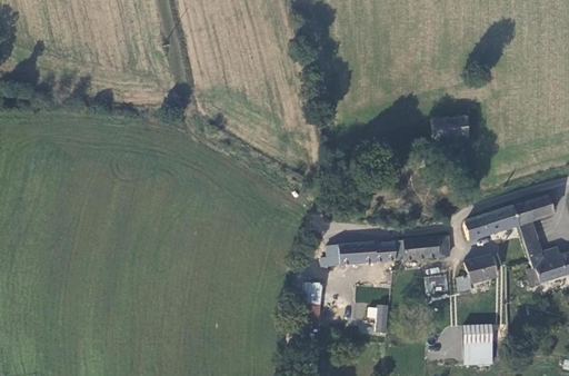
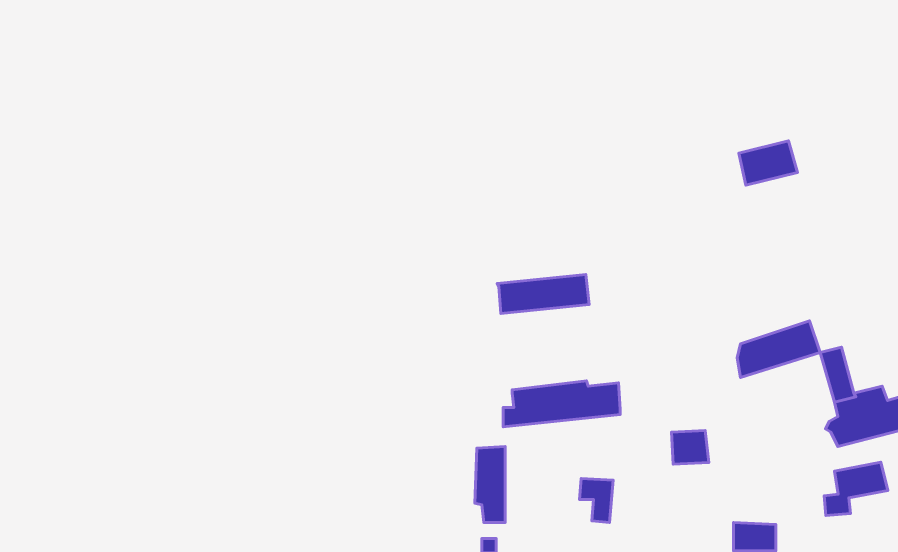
building: [432,113,469,141] -> [739,141,797,185]
building: [512,192,555,225] -> none
building: [391,236,449,260] -> [497,275,589,313]
building: [459,256,499,289] -> [824,462,888,515]

